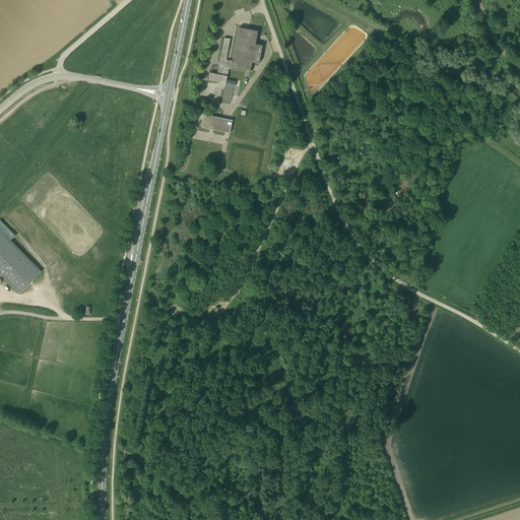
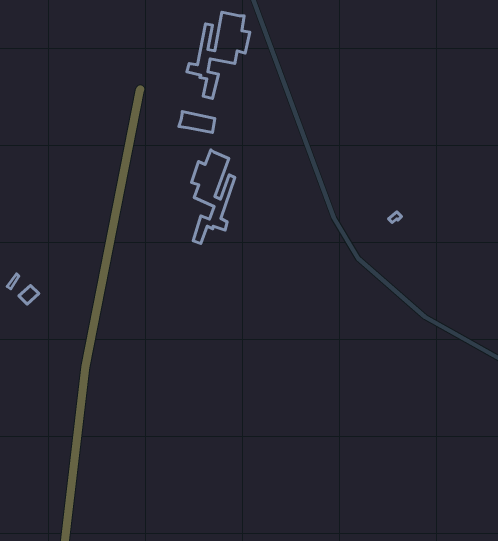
building: none -> [192,150,235,244]

